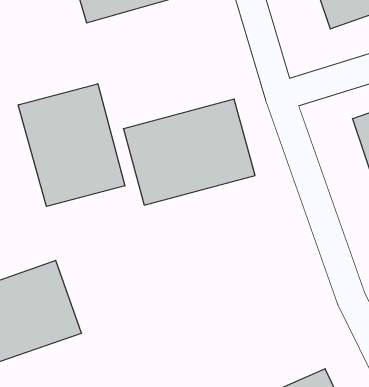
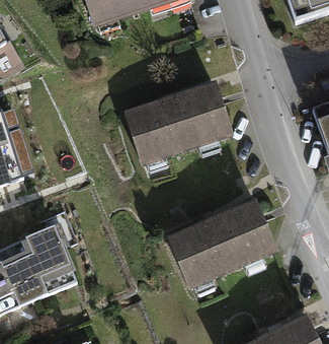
building: [18,84,125,206] -> none
building: none -> [167,197,275,290]

